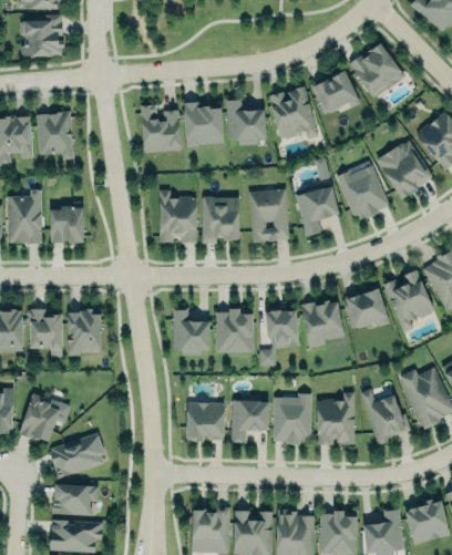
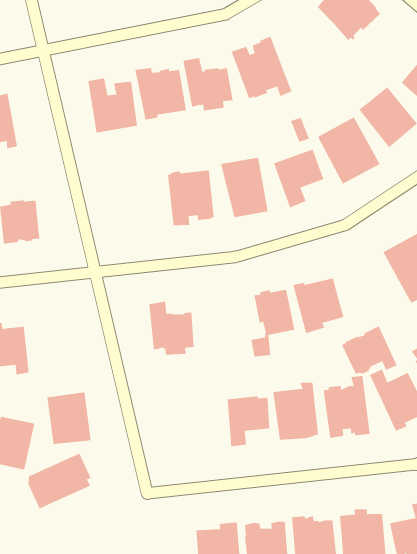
building: [309,68,362,113] -> none
building: [158,191,197,244] -> none
building: [342,286,390,327] -> [341,326,397,375]
building: [215,310,254,353] -> none
building: [66,311,102,354] -> [47,392,92,445]
building: [186,402,226,442] -> none
building: [53,483,99,515] -> none

